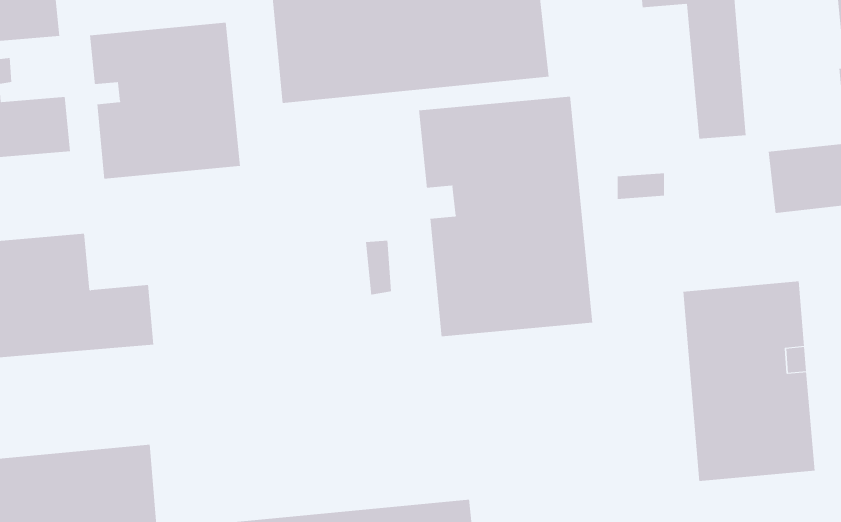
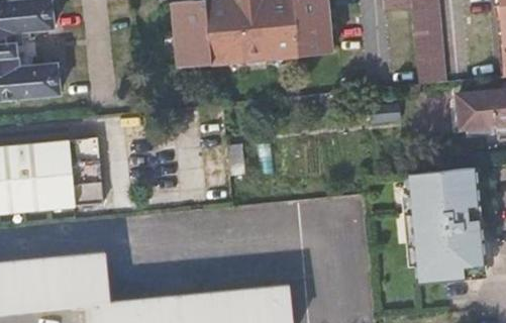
building: [89,22,241,180] -> none
building: [418,96,593,337] -> none

